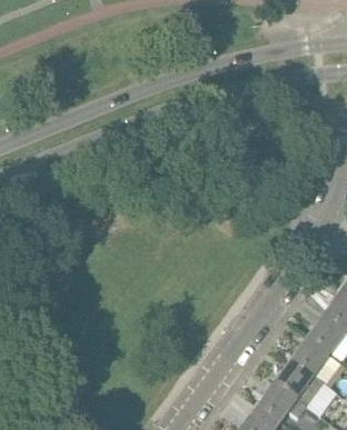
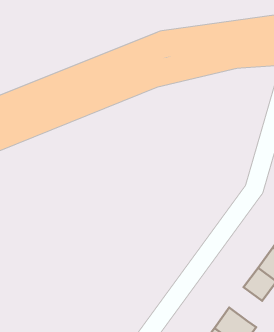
building: [291,336,329,374] -> none

